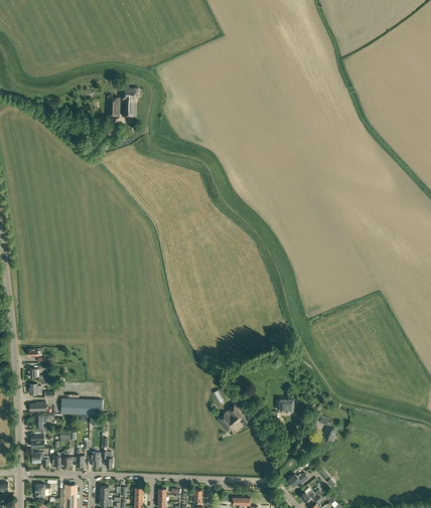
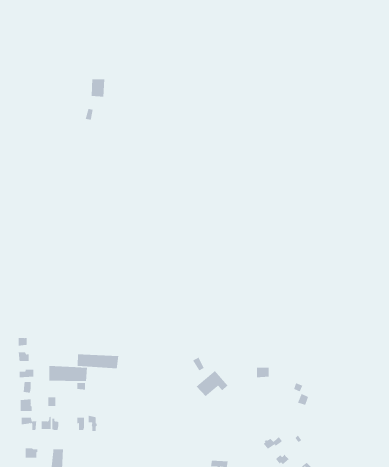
building: [121,89,139,116] -> none
building: none -> [77,353,119,369]

